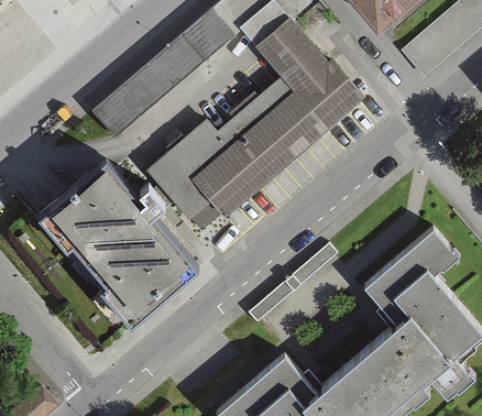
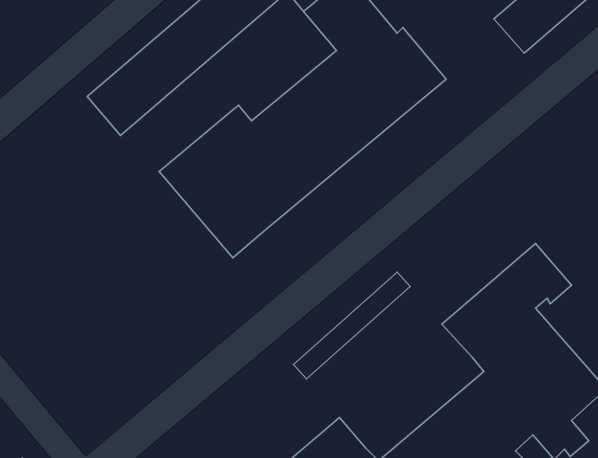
building: [41,165,198,327] -> none

